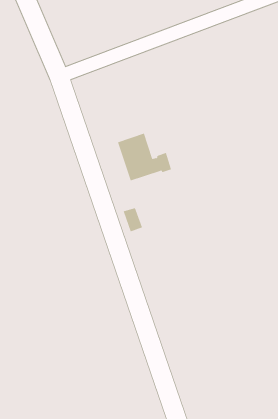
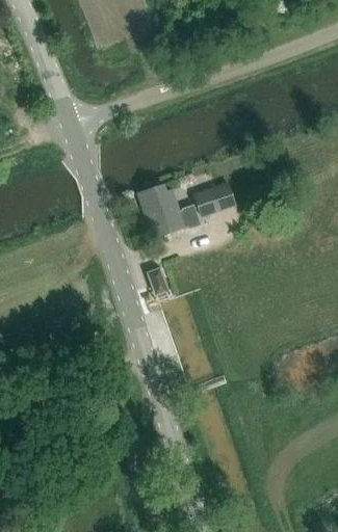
building: none -> [192,182,236,218]

